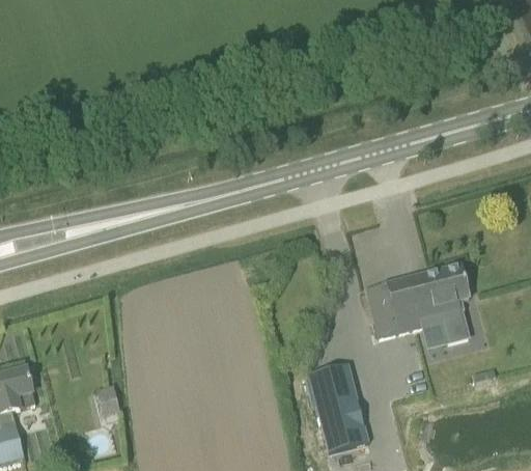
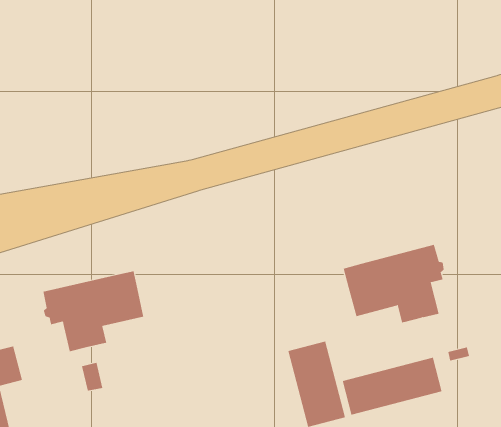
building: none -> [43,270,144,352]
building: none -> [342,357,442,415]

